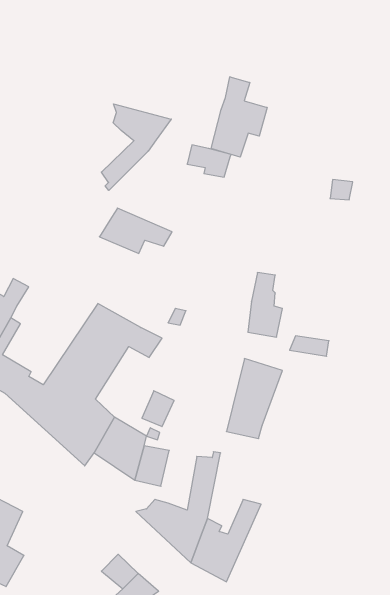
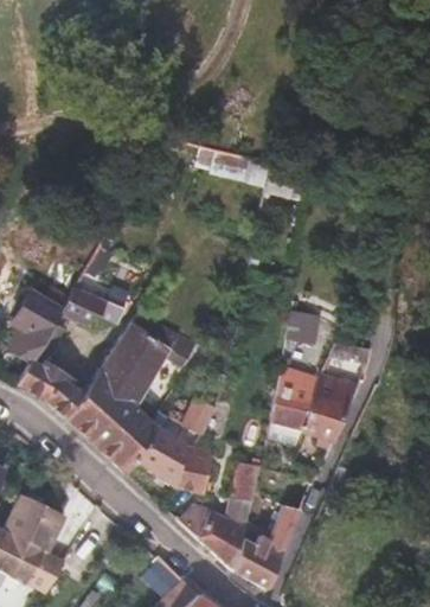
building: [211,77,267,157] -> none
building: [101,104,171,190] -> none
building: [99,208,172,253] -> [58,285,130,330]
building: none -> [302,372,358,442]

